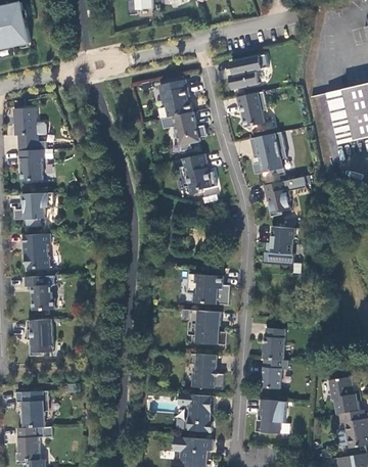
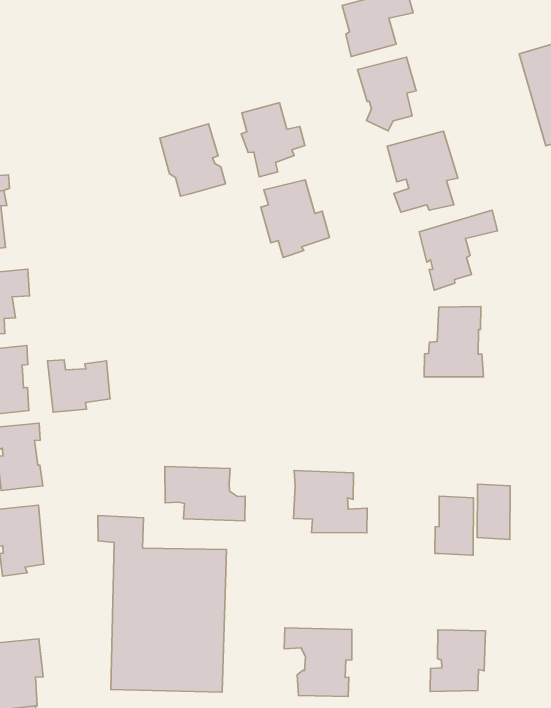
building: [158,80,192,118] -> [160,124,226,196]
building: none -> [47,360,110,412]
building: [187,274,230,306] -> [165,467,245,521]
building: none -> [98,516,226,692]
building: [189,354,224,389] -> none
building: [262,359,281,389] -> [477,484,510,539]

